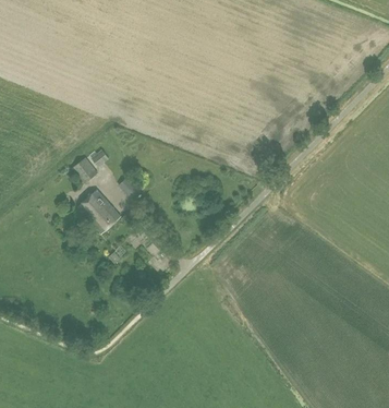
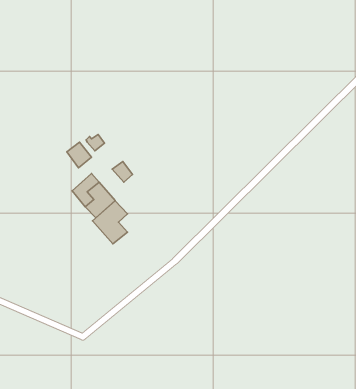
building: none -> [93,201,128,244]

